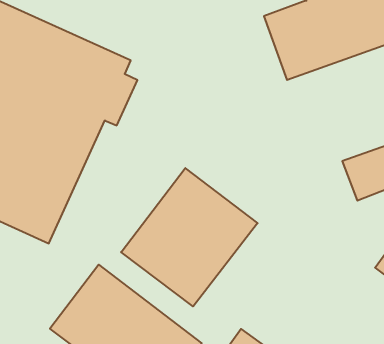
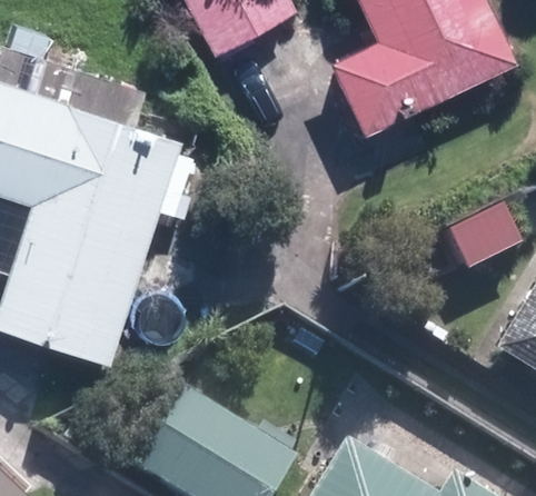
building: [121,168,258,306] -> none

